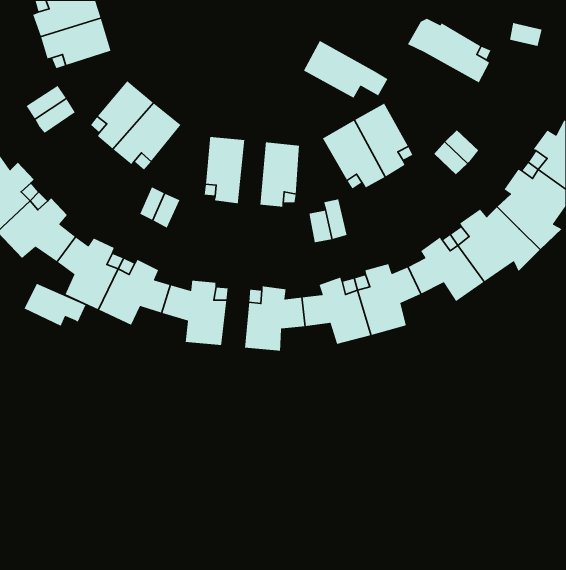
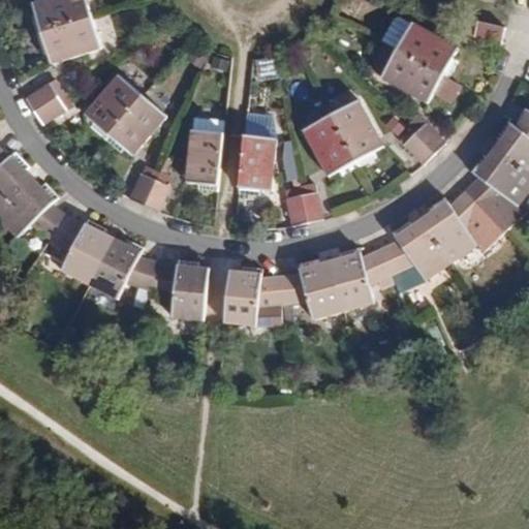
building: [303,40,389,99] -> [377,49,457,103]
building: [24,283,87,327] -> none

